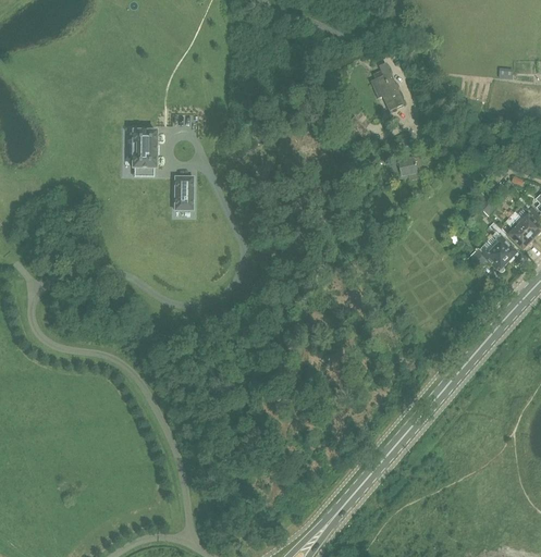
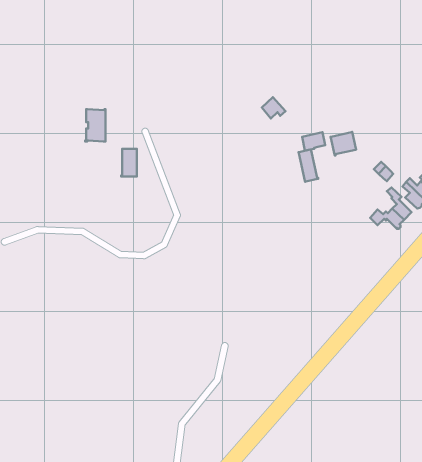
building: [370,62,404,110] -> none
building: none -> [331,132,356,156]
building: none -> [298,149,318,182]

